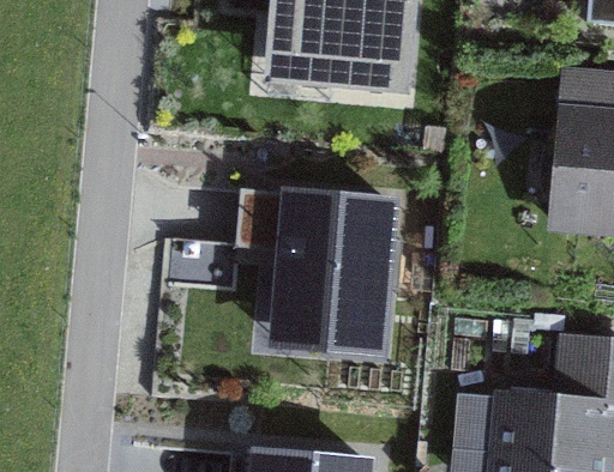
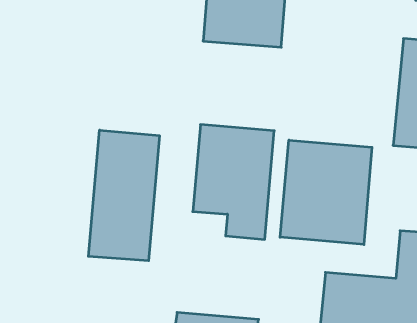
building: none -> [88,130,159,261]
building: none -> [280,140,372,245]

